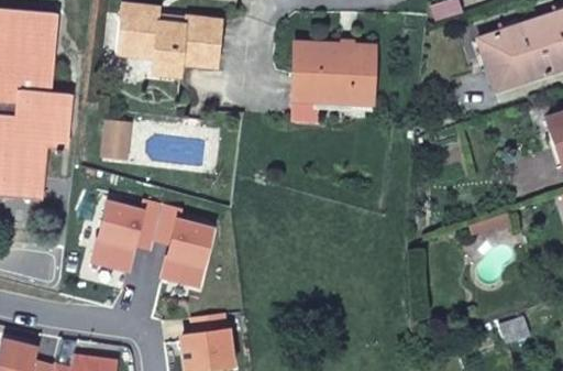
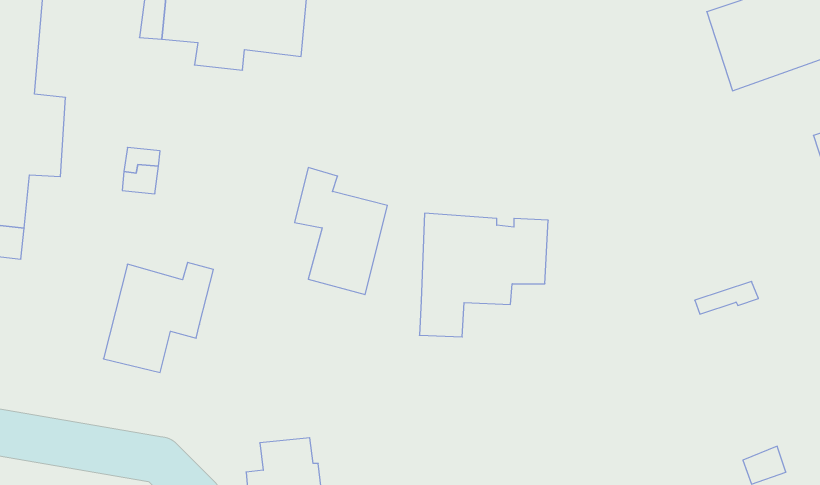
building: [291,43,374,122] -> [419,213,548,337]
building: [154,204,213,285] -> [295,168,387,295]

